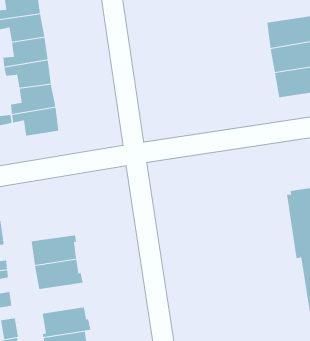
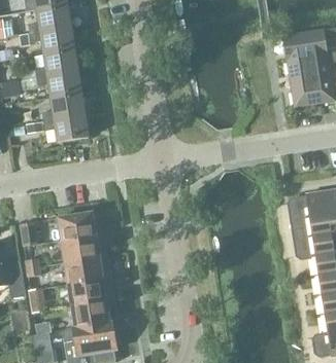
building: none -> [58,212,104,241]
building: none -> [69,280,112,308]

